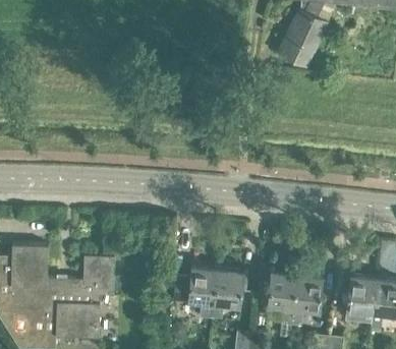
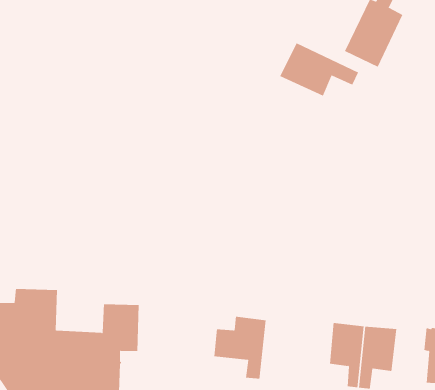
building: none -> [279,42,359,96]
building: [212,270,247,318] -> none

